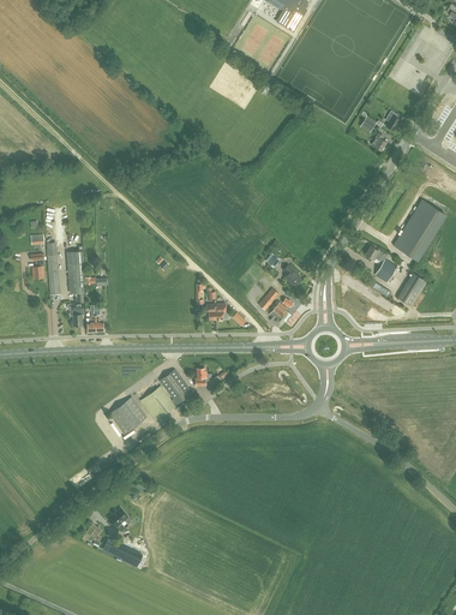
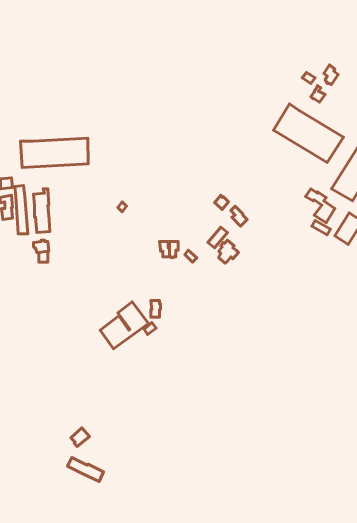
building: none -> [273,104,344,162]
building: none -> [21,138,88,168]
building: [109,396,148,435] -> none

